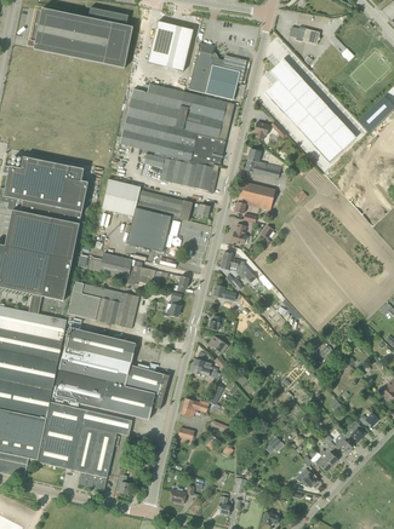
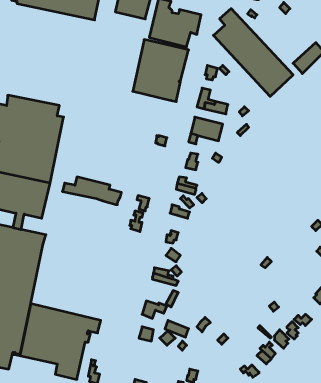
building: [120,84,217,191] -> none
building: [102,178,193,252] -> none
building: [68,282,139,328] -> none
building: [53,327,170,419] -> none

